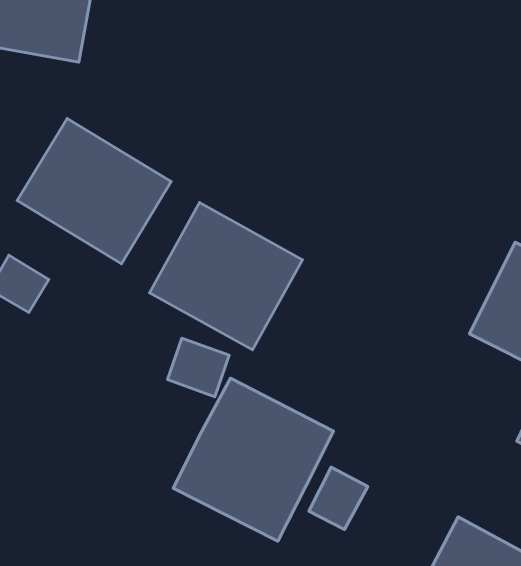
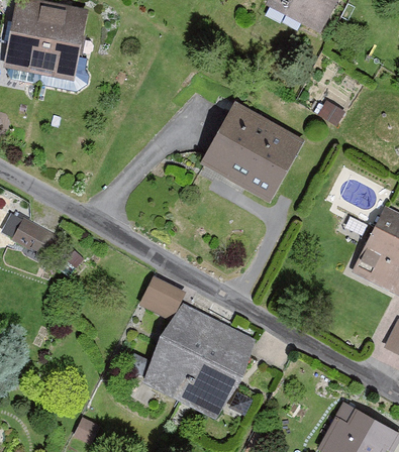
building: [17,118,171,264] -> none
building: [149,203,303,350] -> [196,101,304,205]
building: [309,467,368,529] -> none

